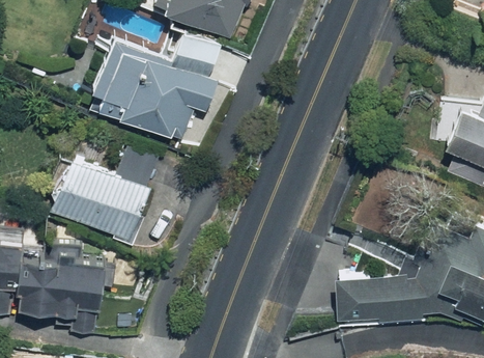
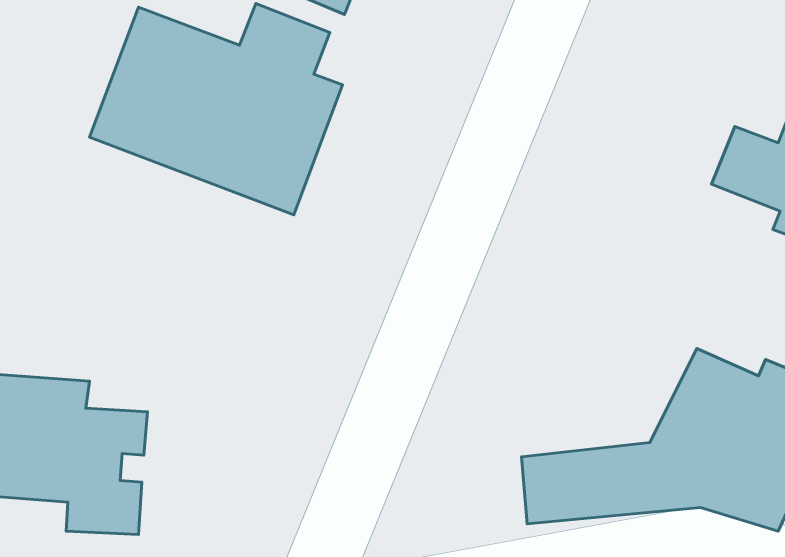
building: [51,145,159,243] -> none

